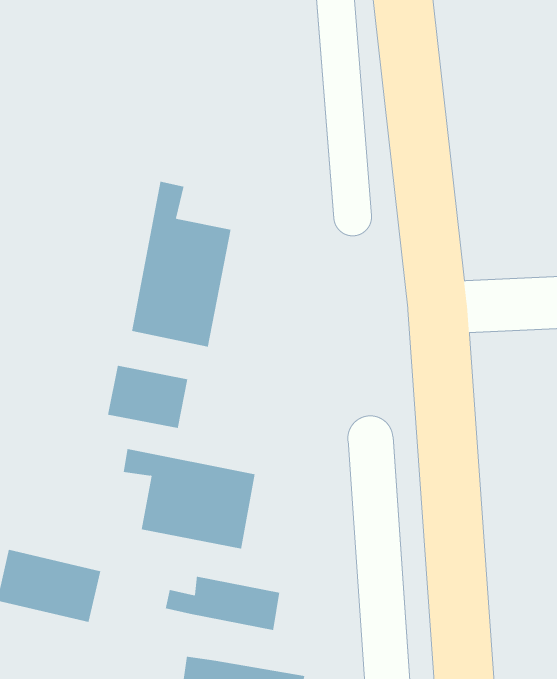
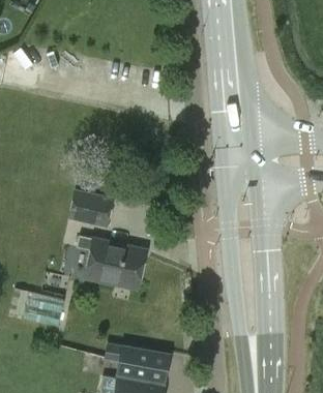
building: [131,181,231,347] -> none
building: [165,576,280,631] -> none

